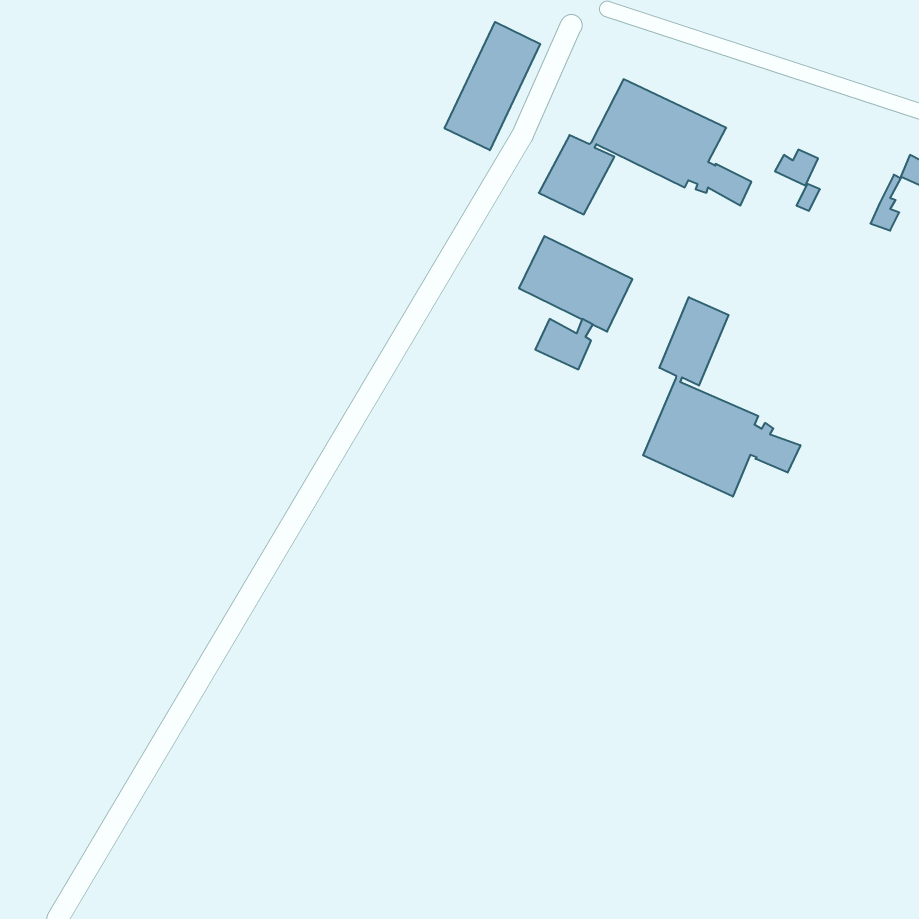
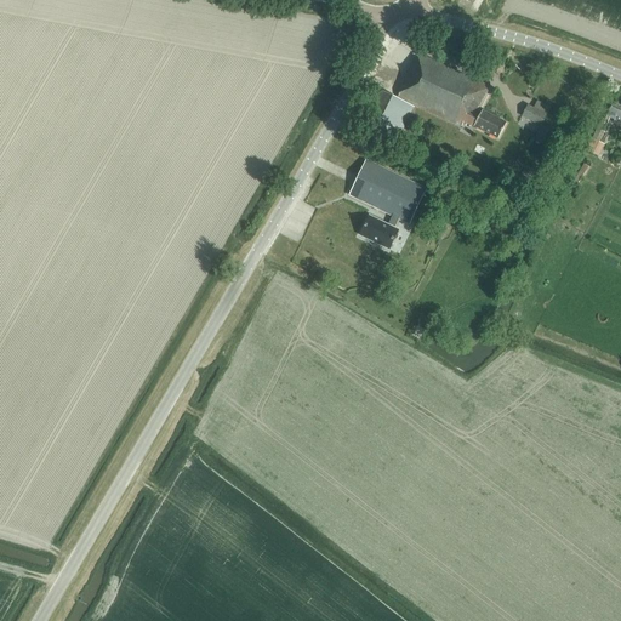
building: [445,22,540,150] -> none
building: [643,297,800,497] -> none

